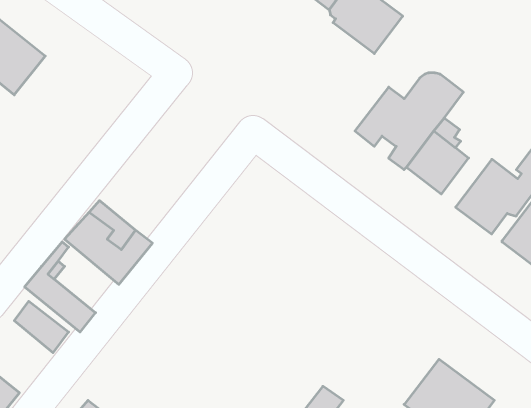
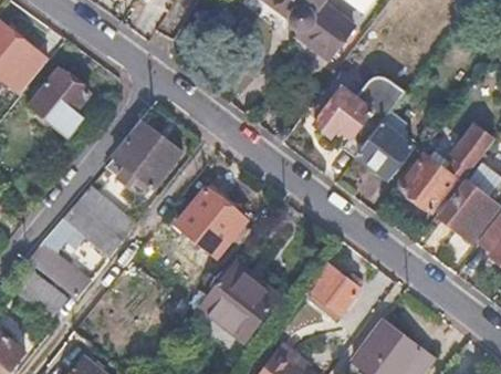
building: none -> [30,70,86,137]
building: none -> [109,121,182,185]
building: none -> [179,188,242,251]
building: none -> [201,259,283,342]
building: none -> [311,260,362,316]

